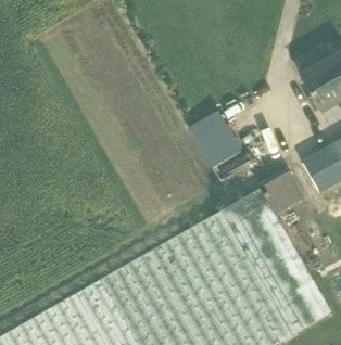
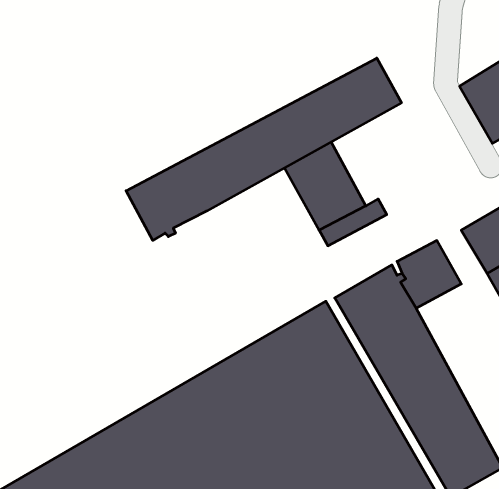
building: none -> [126,58,401,240]

